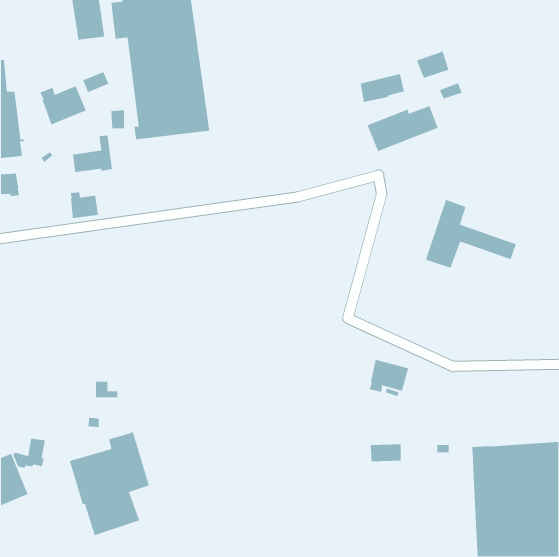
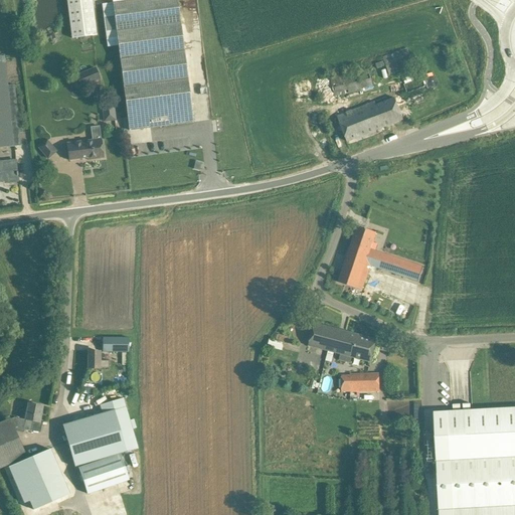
building: [39,85,87,125] -> none
building: [70,191,99,219] -> none
building: [425,199,517,269] -> [338,224,422,289]
building: none -> [309,322,345,352]
building: none -> [103,336,129,350]
building: [370,444,401,462] -> [350,372,379,389]
building: none -> [9,449,68,507]

